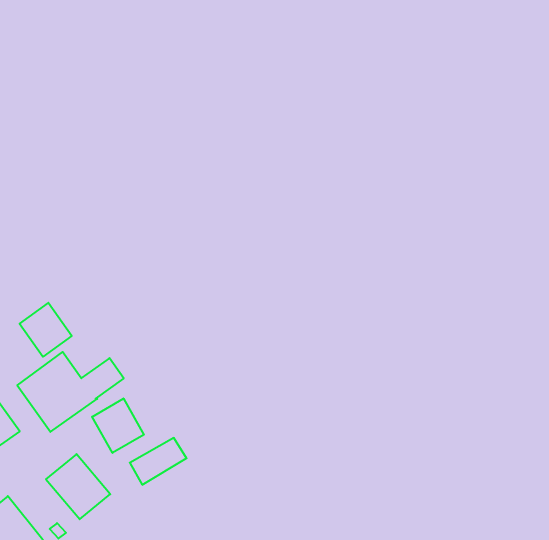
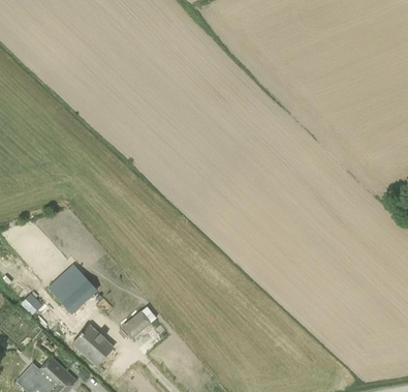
building: [20,303,72,357] -> none
building: [92,398,144,453] -> none

